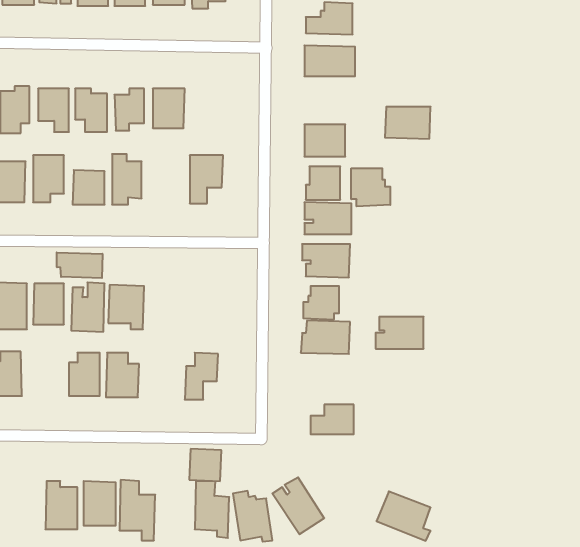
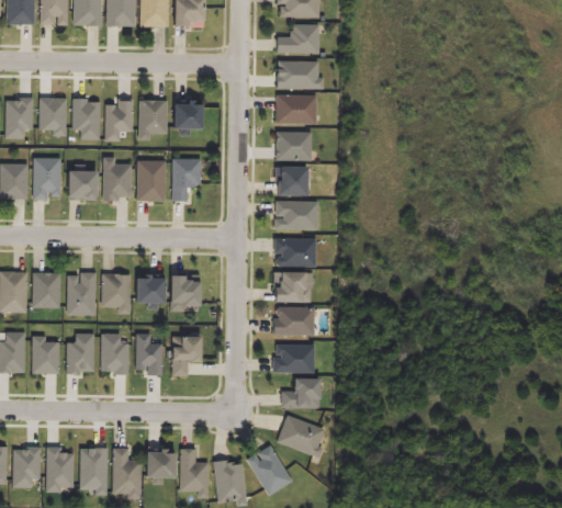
building: none -> [175,103,204,134]
building: [385,107,431,139] -> [276,93,316,122]
building: none -> [137,160,167,201]
building: [351,168,390,206] -> none
building: [57,252,102,278] -> none
building: none -> [133,273,162,303]
building: none -> [167,275,198,305]
building: [376,317,424,349] -> [272,342,315,371]
building: none -> [137,332,165,374]
building: none -> [32,336,57,374]
building: [189,449,221,481] -> [146,453,175,482]
building: none -> [11,445,40,486]
building: [376,491,431,541] -> [277,413,325,456]

